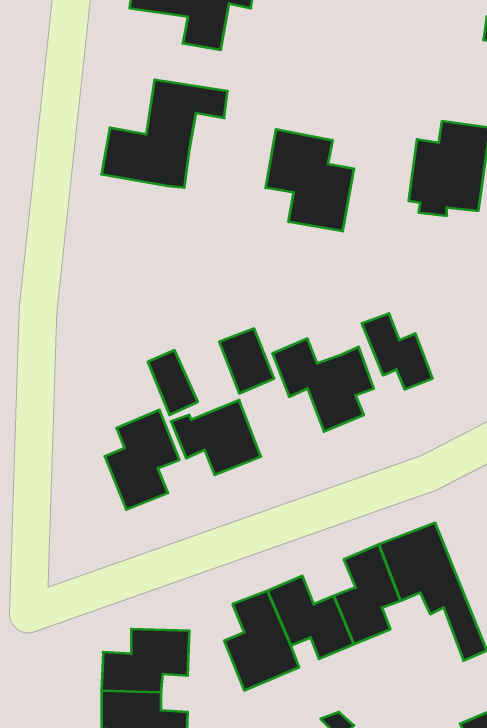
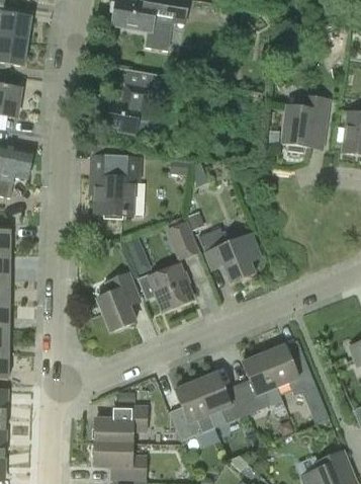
building: [266,129,354,231] -> none
building: none -> [90,156,139,216]
building: [362,313,432,389] -> none

